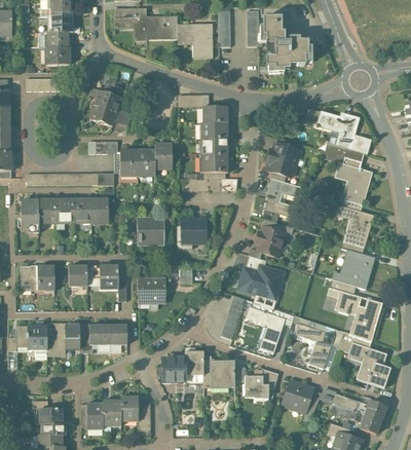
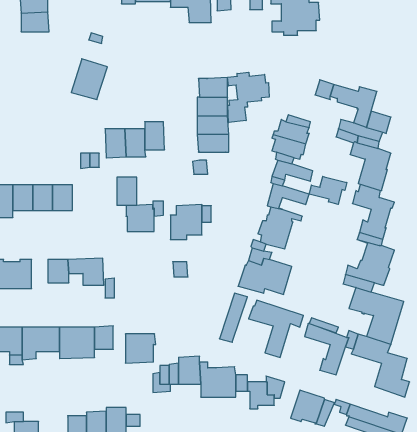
building: none -> [228,72,269,123]
building: none -> [309,176,347,204]
building: [90,198,108,223] -> [117,177,137,205]
building: [139,277,165,303] -> [125,334,156,363]

